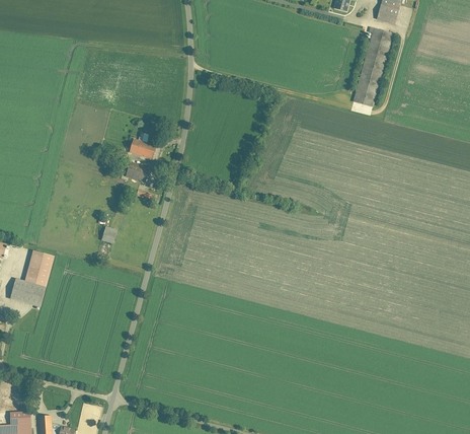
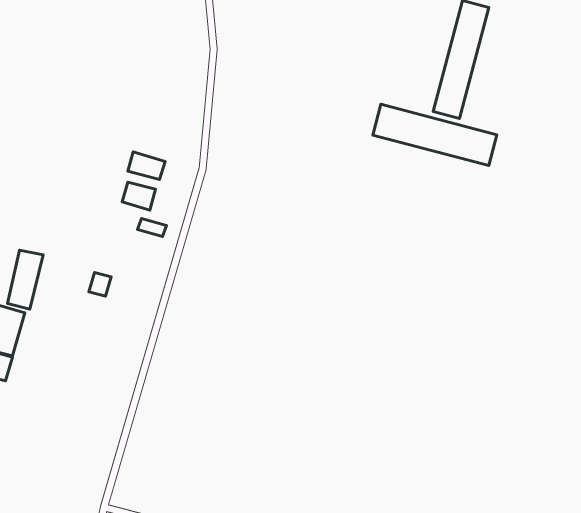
building: none -> [373,104,497,165]
building: none -> [8,250,43,309]

